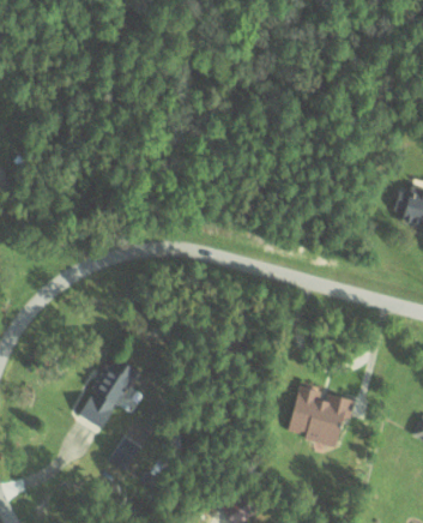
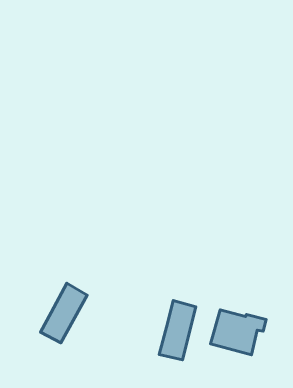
building: none -> [159,301,196,360]

